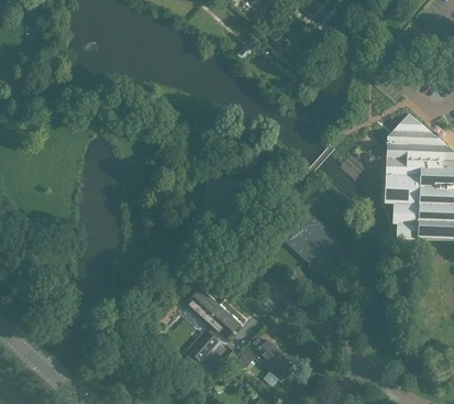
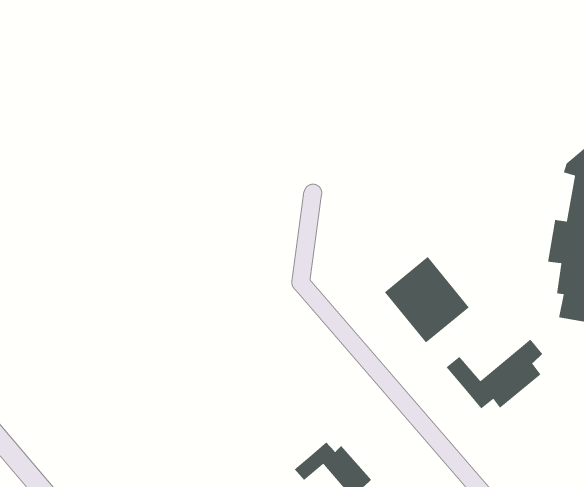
building: none -> [445,338,543,409]
building: [186,288,239,361] -> none

